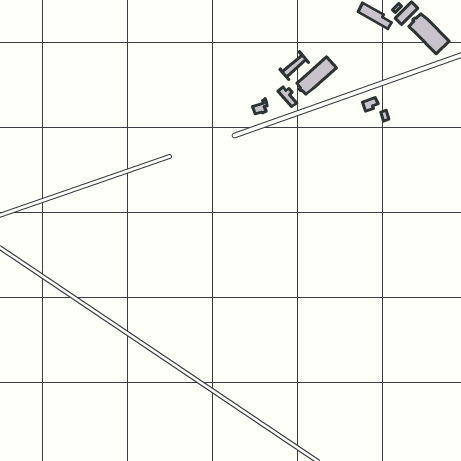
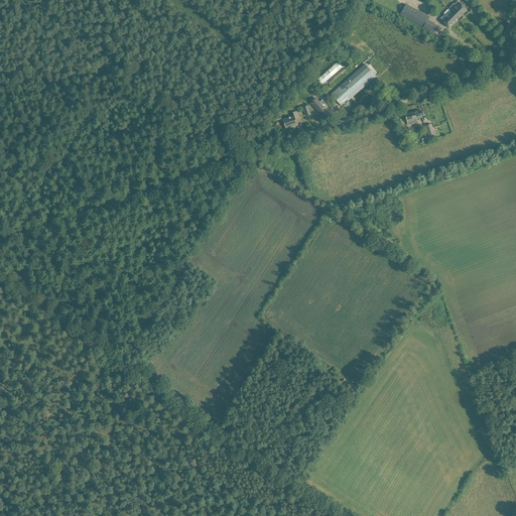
building: [409,14,449,54] -> none

